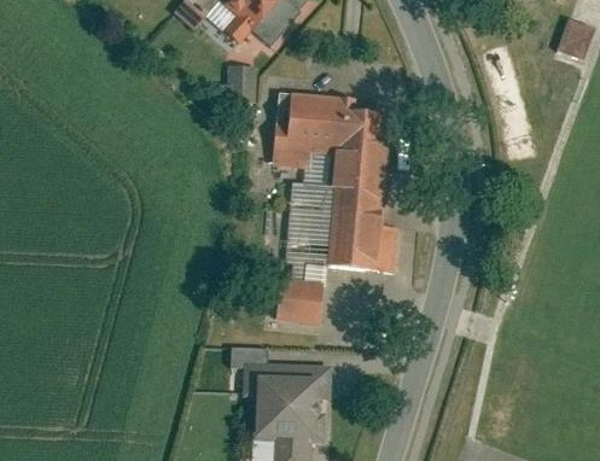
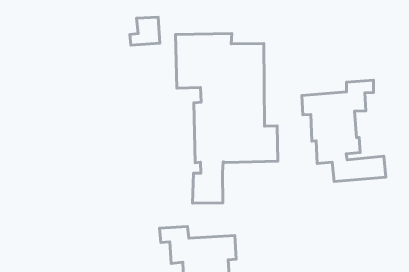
building: none -> [302,80,386,182]

